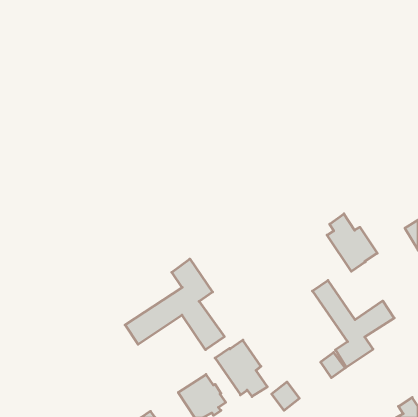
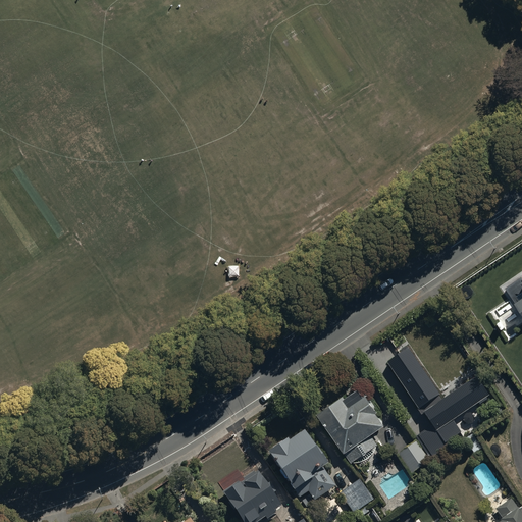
building: [327,214,377,271] -> none
building: [125,259,224,350] -> none
building: none -> [315,383,384,460]

